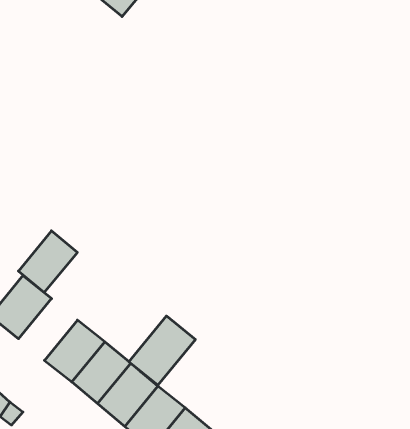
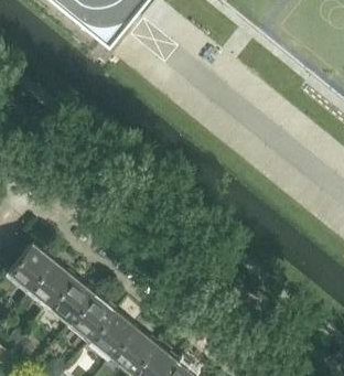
building: [18,231,77,293] -> [19,251,64,299]
building: [129,316,195,385] -> none

